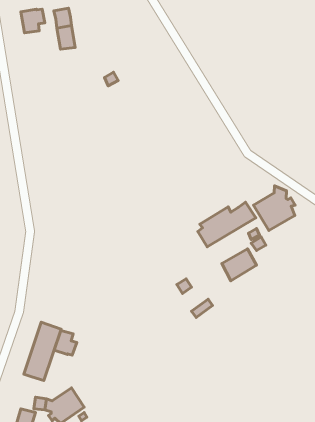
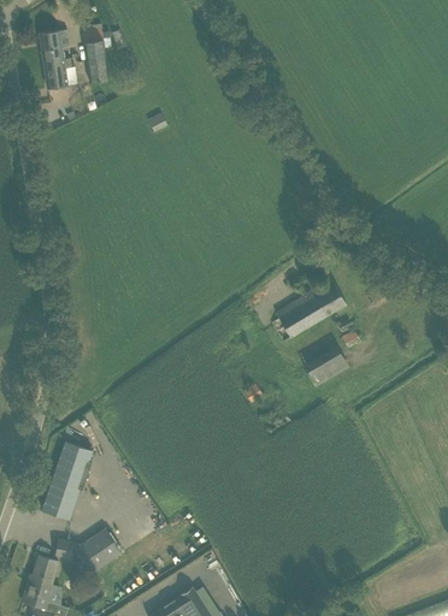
building: none -> [43,59,76,89]
building: [254,186,295,230] -> none
building: [54,331,77,355] -> none

